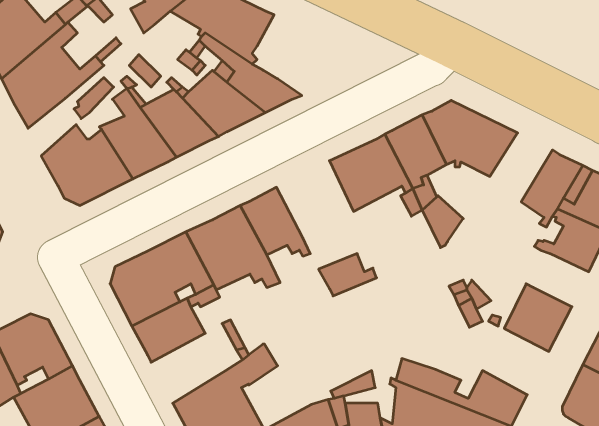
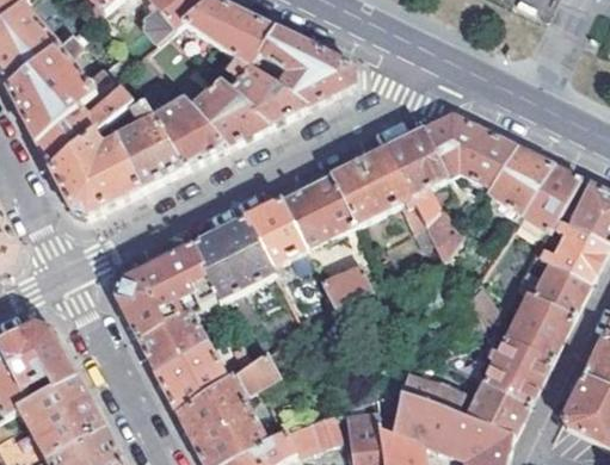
building: none -> [260,27,353,107]
building: none -> [33,110,86,167]
building: none -> [488,144,553,217]
building: none -> [279,172,356,248]
building: none -> [516,264,589,316]
building: none -> [483,337,549,403]
building: none -> [155,342,229,411]

